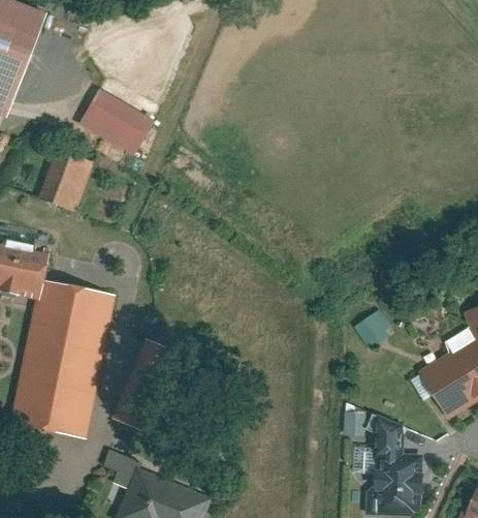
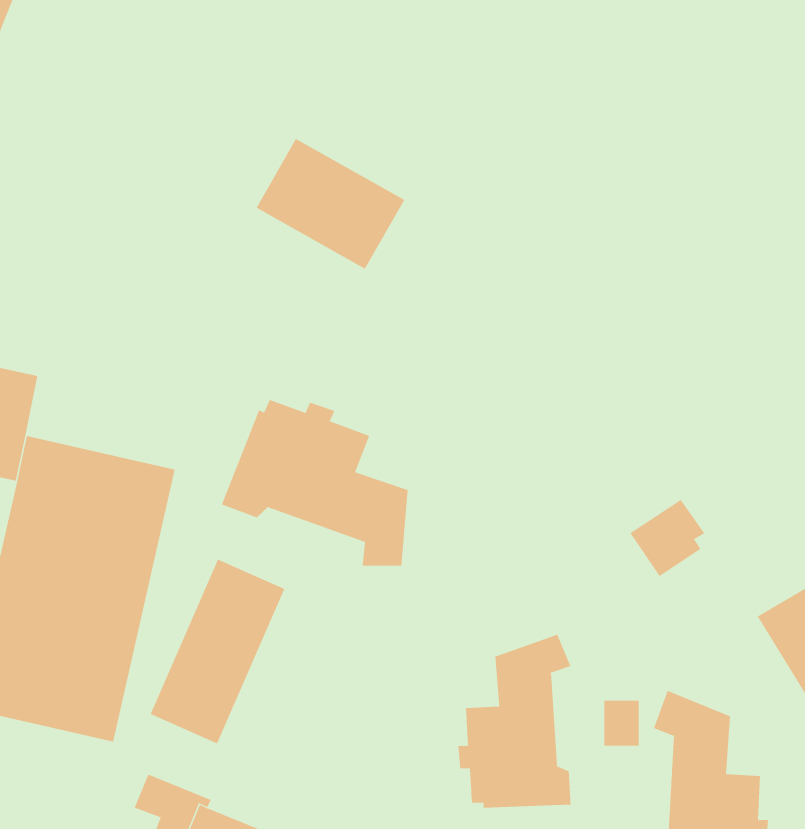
building: [78,89,156,157] -> [256,138,405,270]
building: [37,148,93,211] -> none
building: none -> [221,399,408,566]
building: none -> [458,634,571,808]

